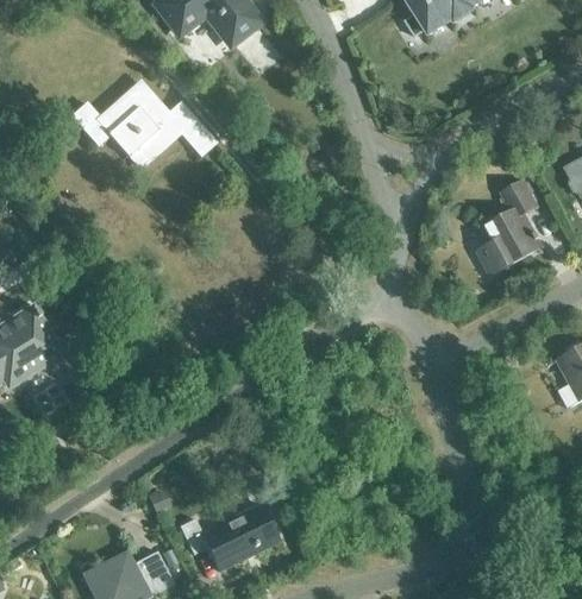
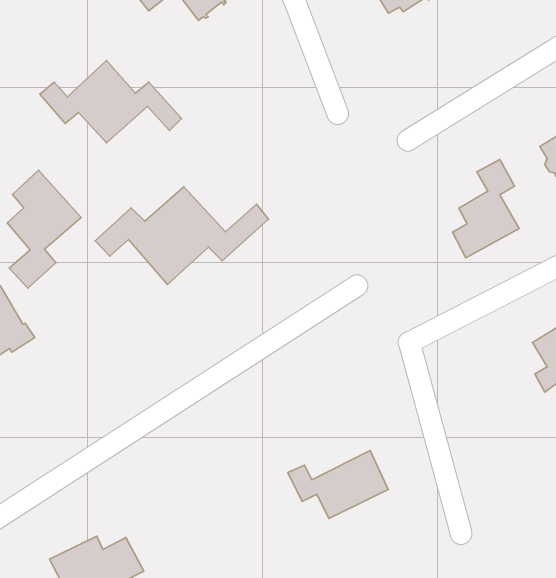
building: none -> [7,170,81,288]
building: none -> [95,187,268,285]
building: [180,504,279,570] -> [288,451,388,518]

